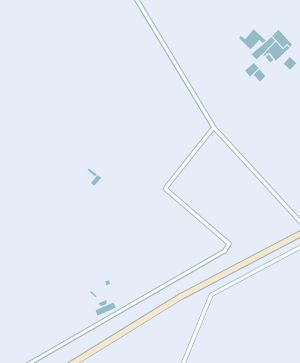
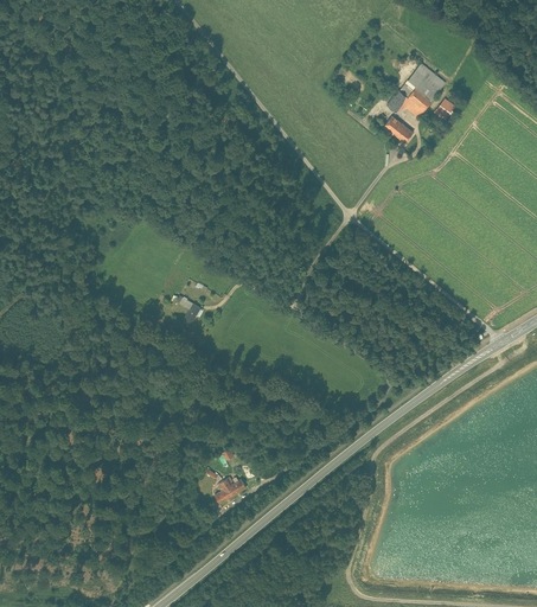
building: [238,28,266,50] -> none

